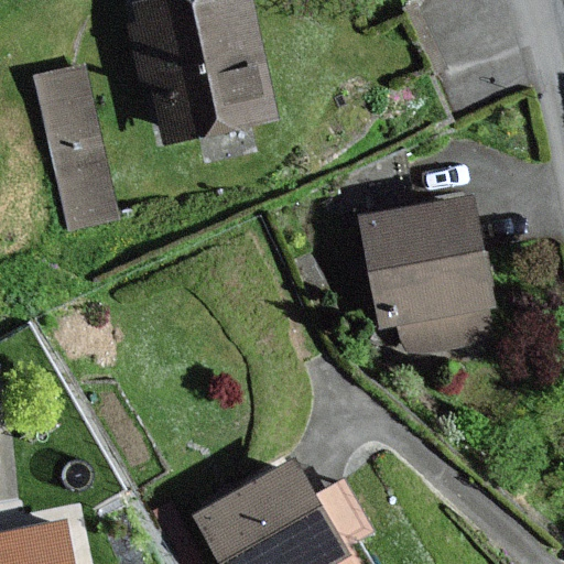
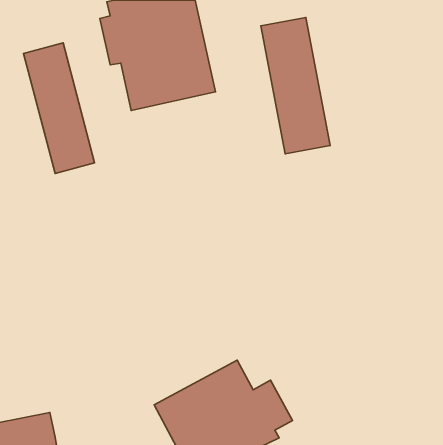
building: none -> [261,18,330,154]
building: [360,197,496,356] -> none

